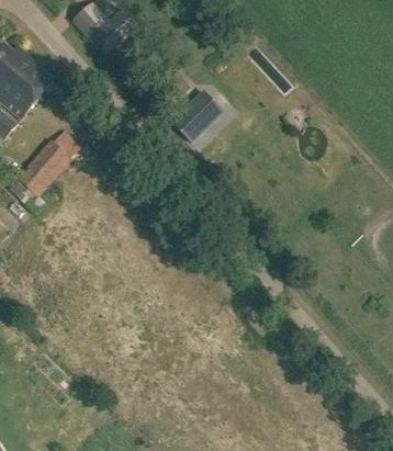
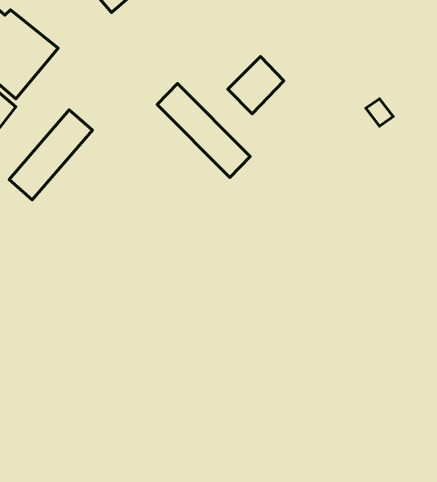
building: none -> [157,84,250,178]

